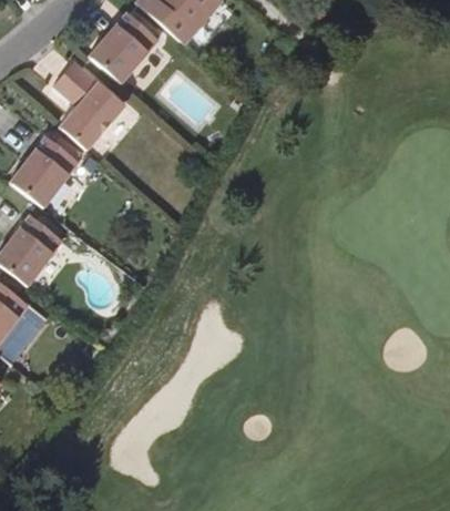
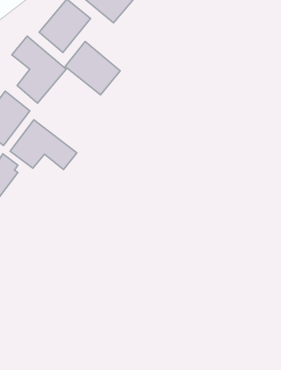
building: none -> [65,41,120,95]
building: none -> [10,120,77,169]

